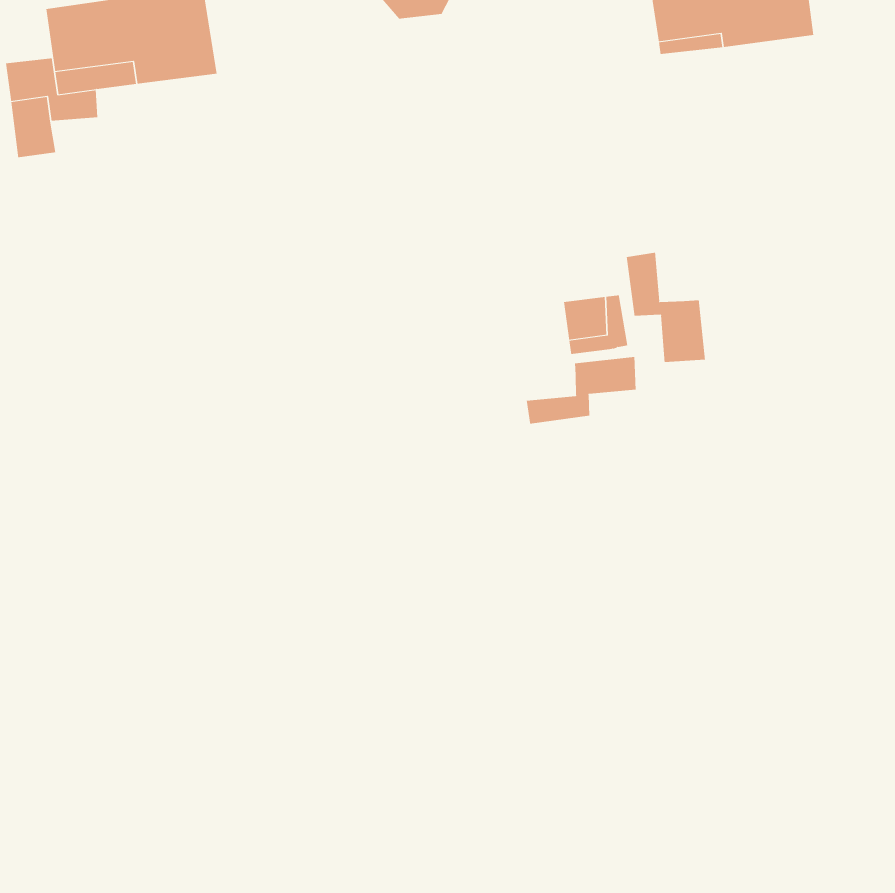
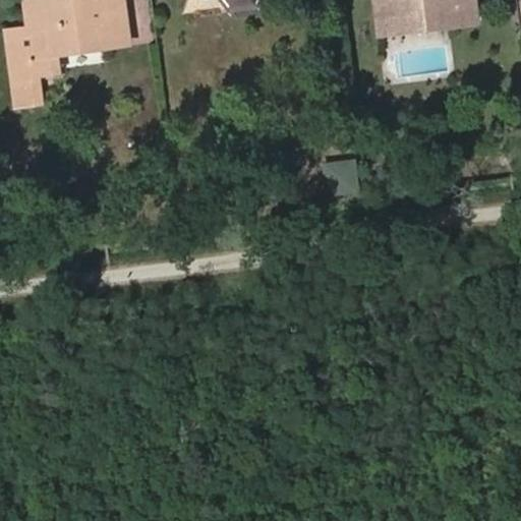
building: [626,252,705,363] -> none
building: [526,356,636,424] -> none

